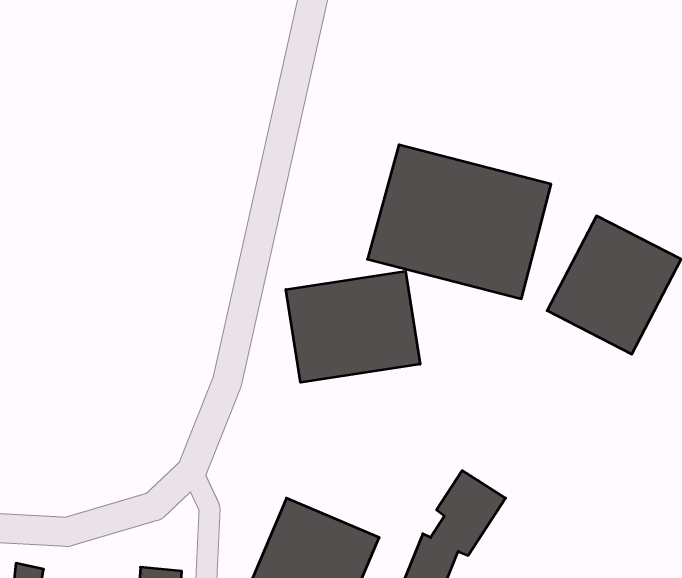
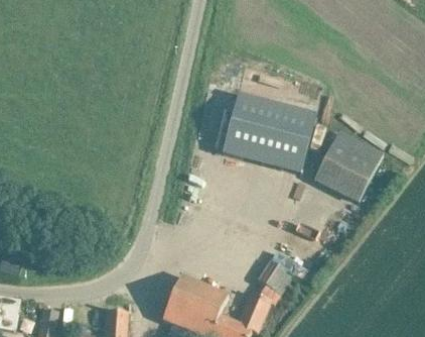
building: [286,271,420,382] -> none

